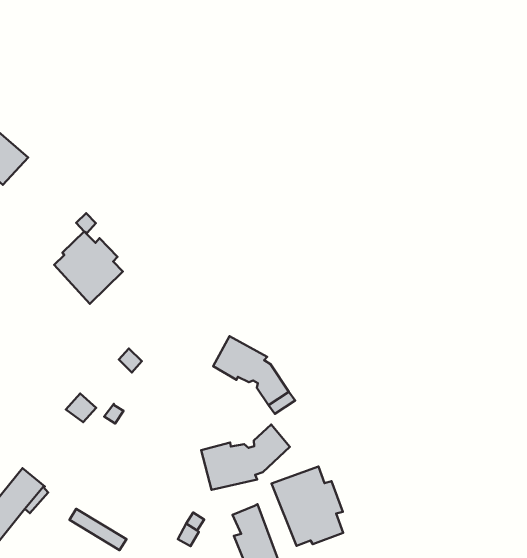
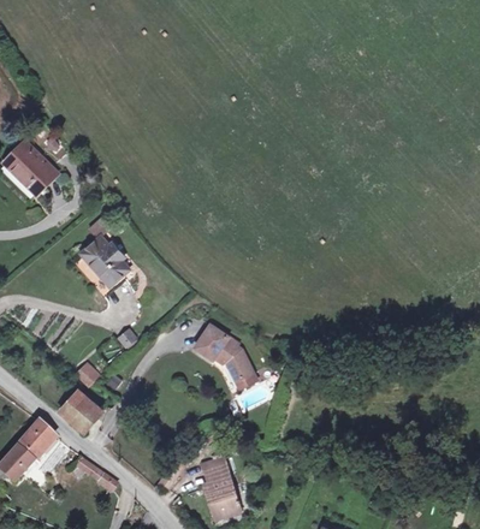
building: [201,424,290,490] -> none
building: none -> [59,390,102,432]
building: [272,466,343,546] -> none

